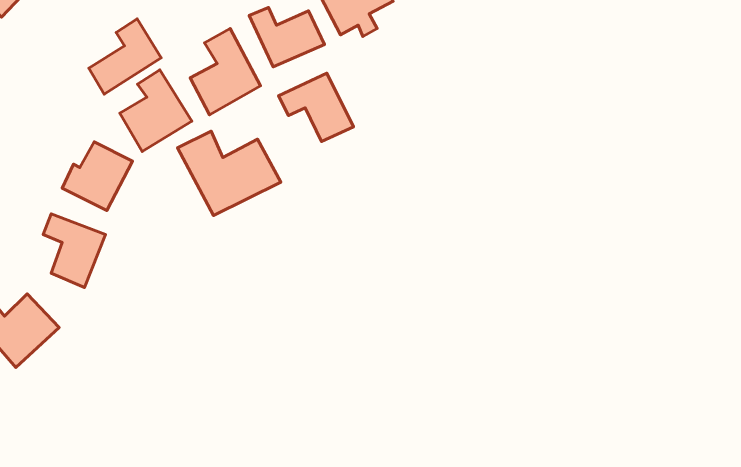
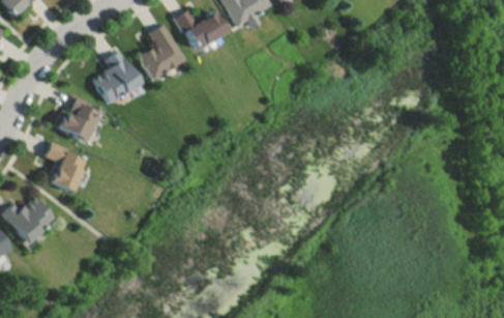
building: [89,19,161,94] -> none
building: [278,73,353,142] -> none
building: [178,131,281,216] -> none

